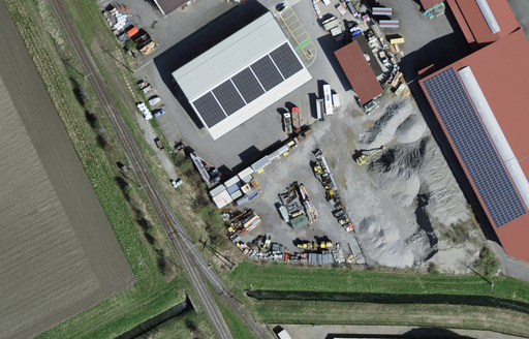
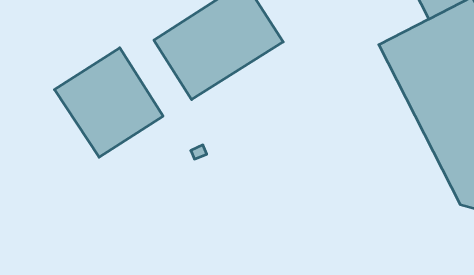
building: [337,41,383,103] -> none
building: none -> [54,48,163,157]

